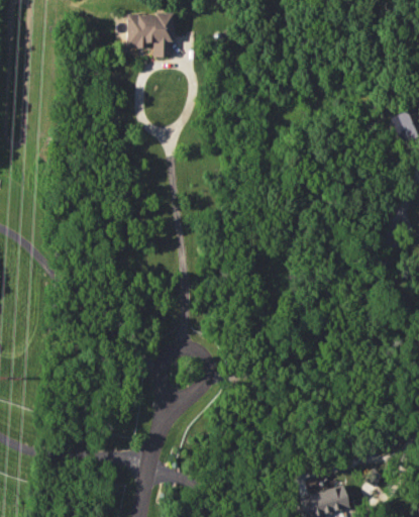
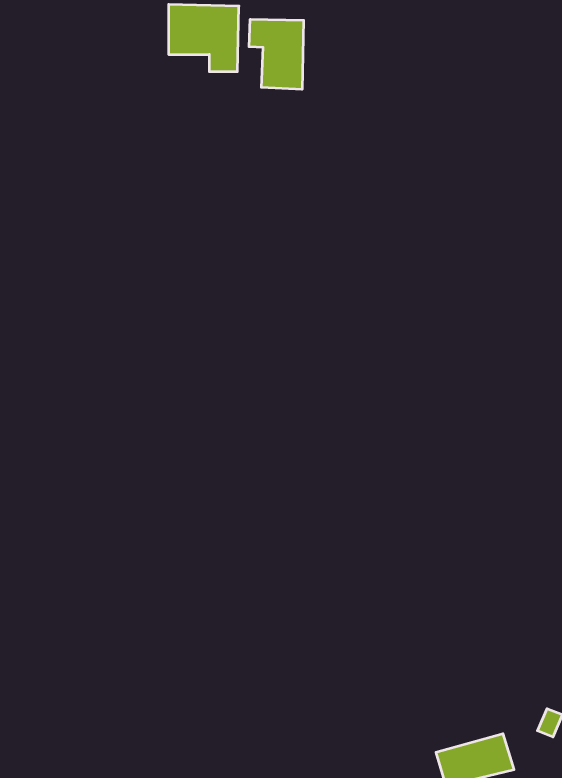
building: none -> [249,19,304,89]

